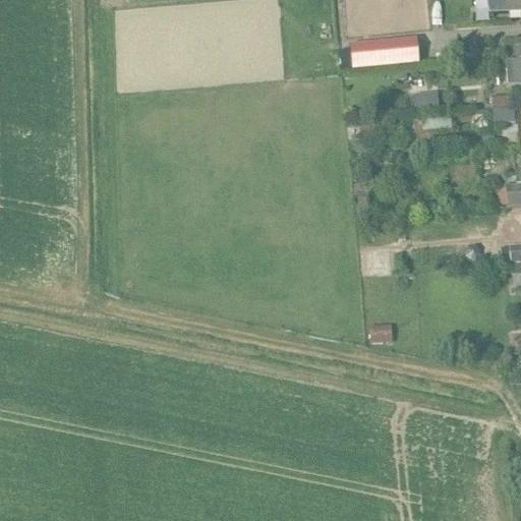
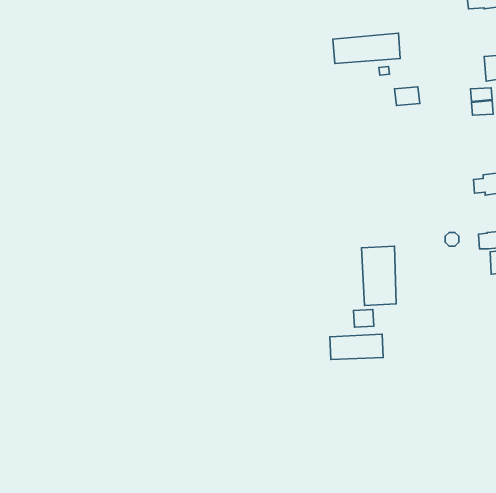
building: none -> [361,246,396,305]
building: none -> [330,334,383,359]

